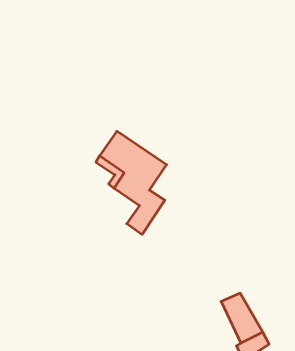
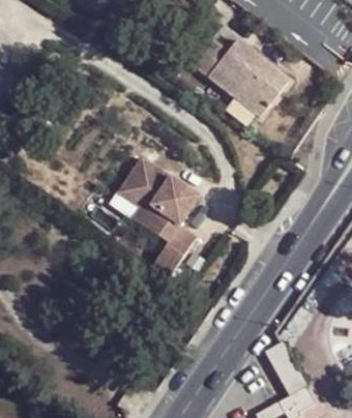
building: none -> [197,38,291,117]

